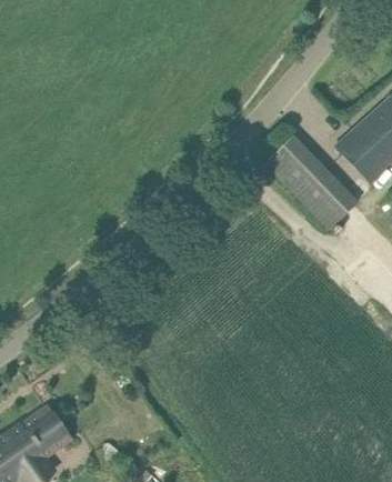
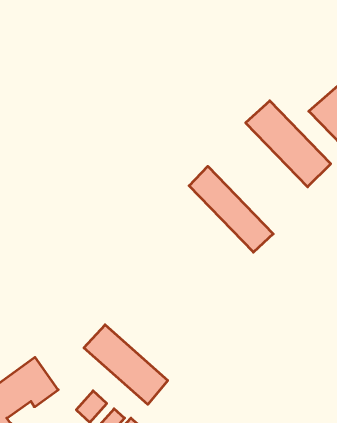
building: none -> [189,166,273,252]
building: none -> [84,325,168,404]

